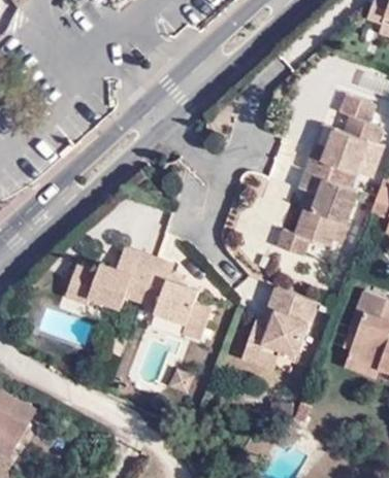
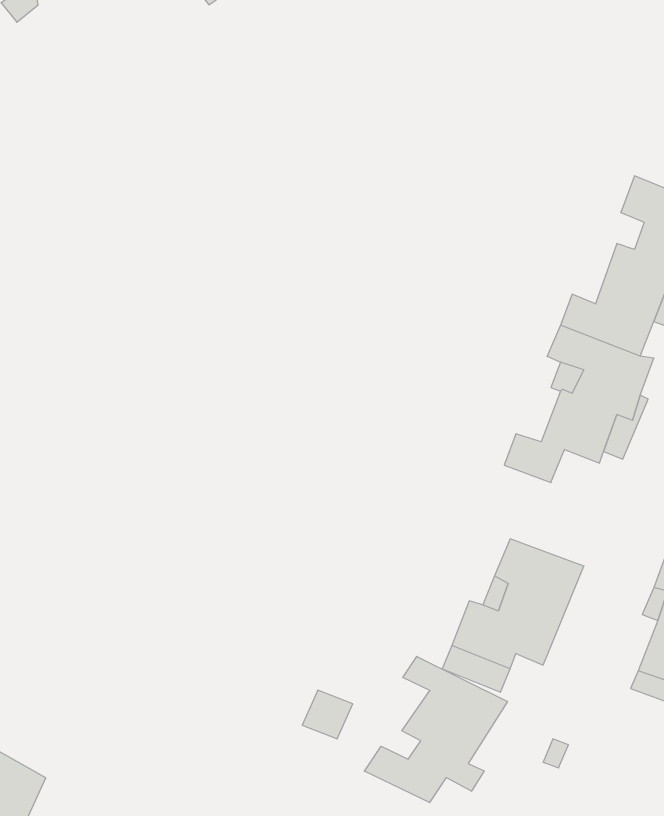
building: [65,245,212,338] -> none
building: none -> [364,656,507,803]

